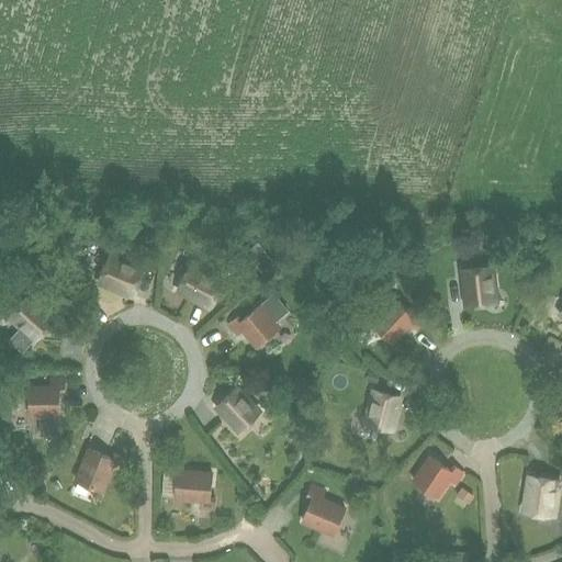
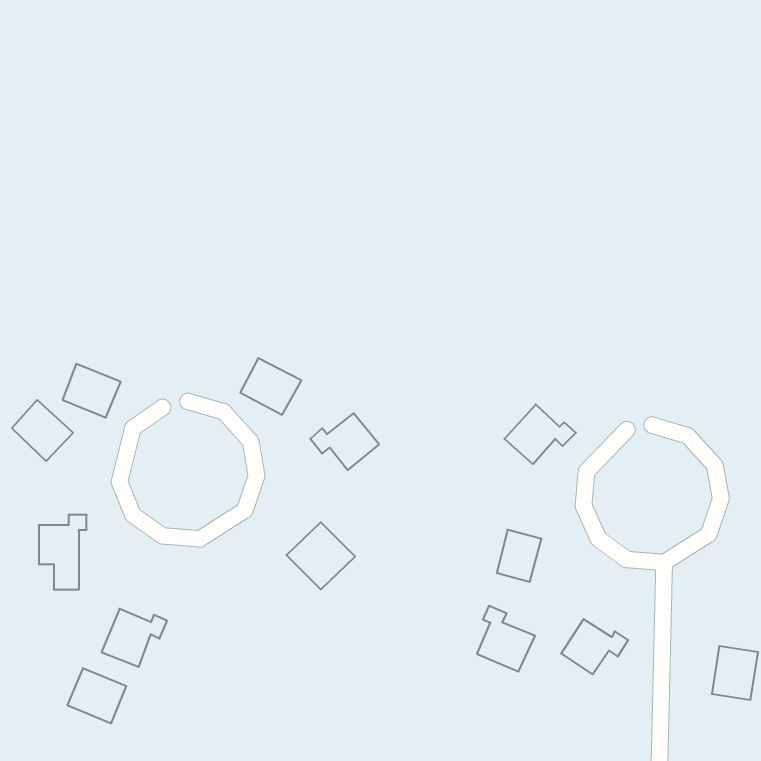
building: [99,256,142,295] -> [63,364,121,418]
building: [462,267,494,305] -> none
building: [175,470,214,509] -> none
building: [302,486,345,535] -> [477,606,535,672]
building: none -> [68,668,126,724]

